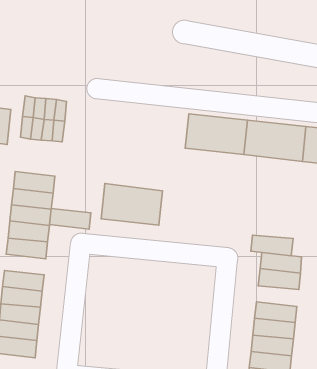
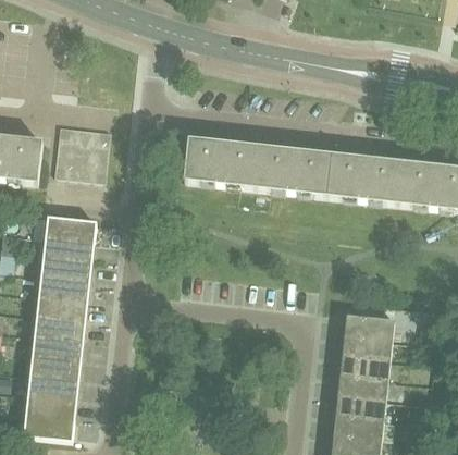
building: [101,184,163,225] -> [185,136,259,186]
building: [50,208,91,229] -> [36,315,86,340]
building: [251,235,293,256] -> [341,353,392,378]

